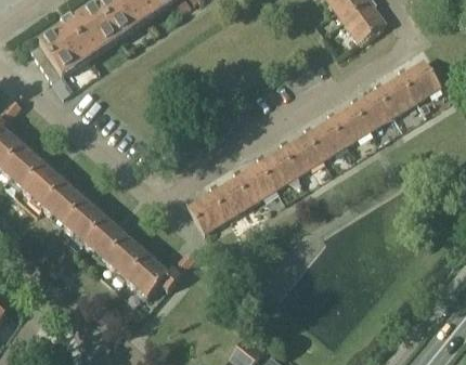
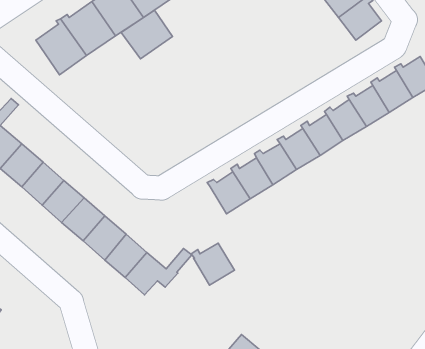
building: none -> [121,10,172,59]
building: [186,190,230,232] -> [191,243,234,285]

